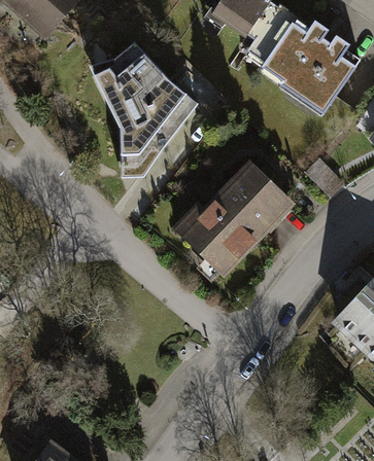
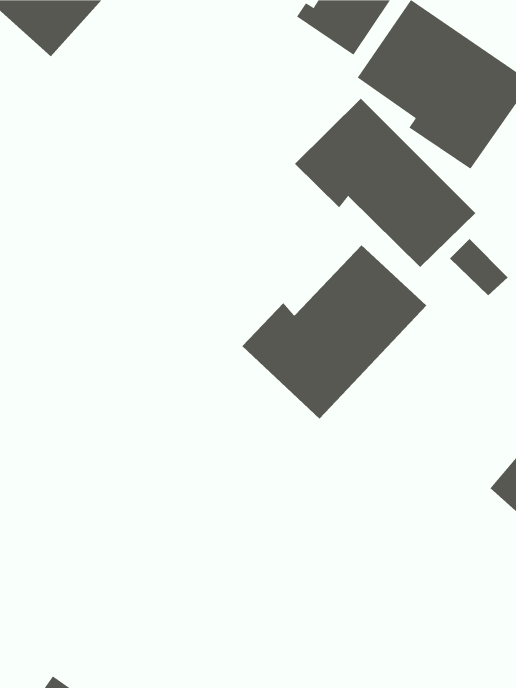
building: [90,42,198,177] -> none
building: none -> [294,98,476,268]

